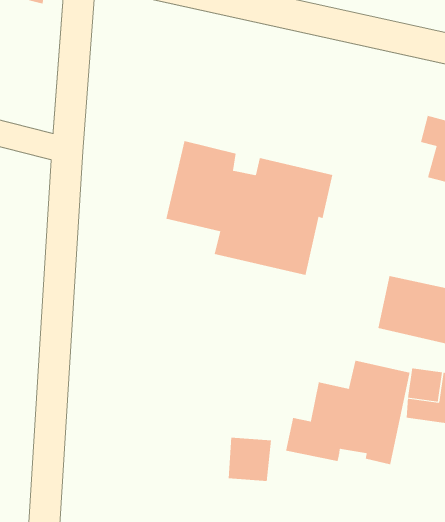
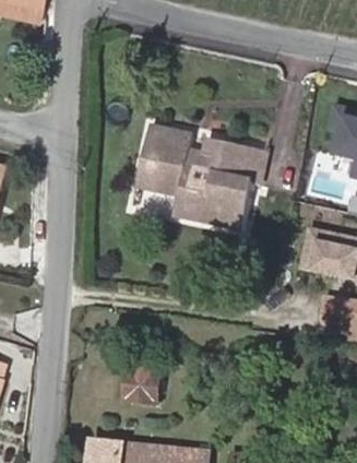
building: [286,360,410,465] -> none
building: [228,437,272,481] -> [124,368,158,402]

